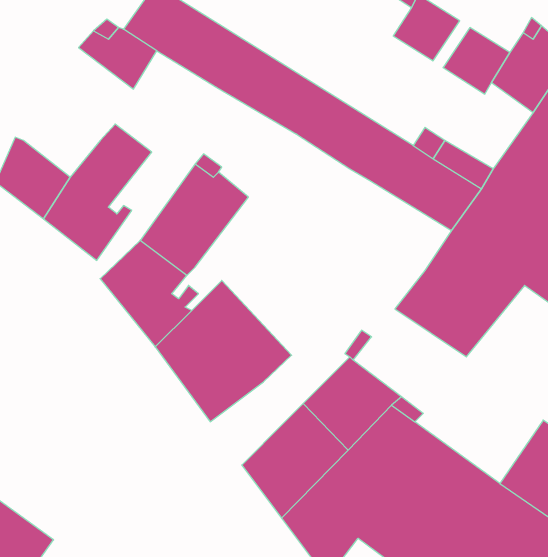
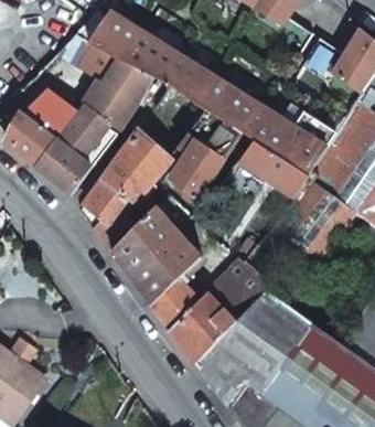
building: none -> [85,54,152,129]
building: none -> [24,90,75,138]
building: none -> [138,109,240,206]
building: none -> [238,140,308,200]
building: none -> [148,274,197,329]

